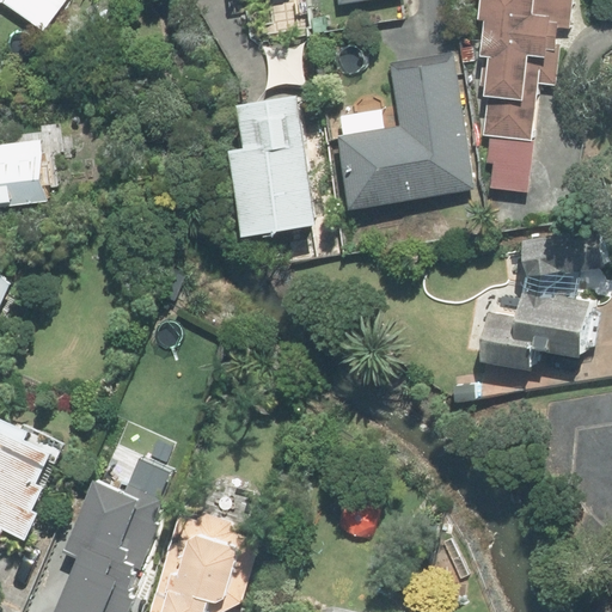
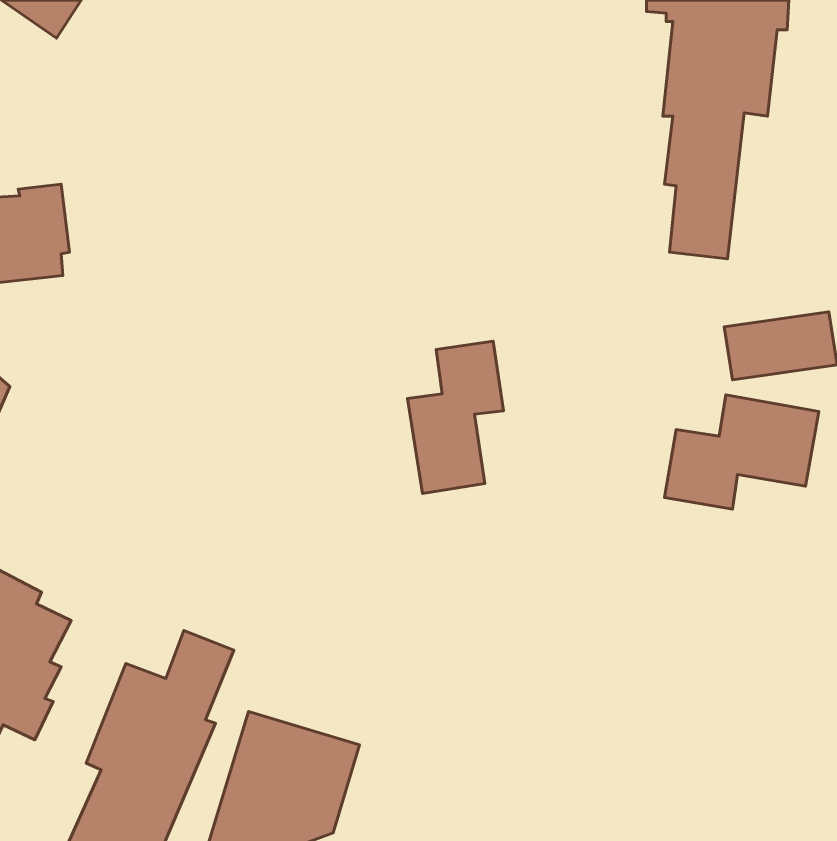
building: [332,55,471,209] -> none
building: [231,96,317,235] -> none
building: none -> [408,341,503,493]

